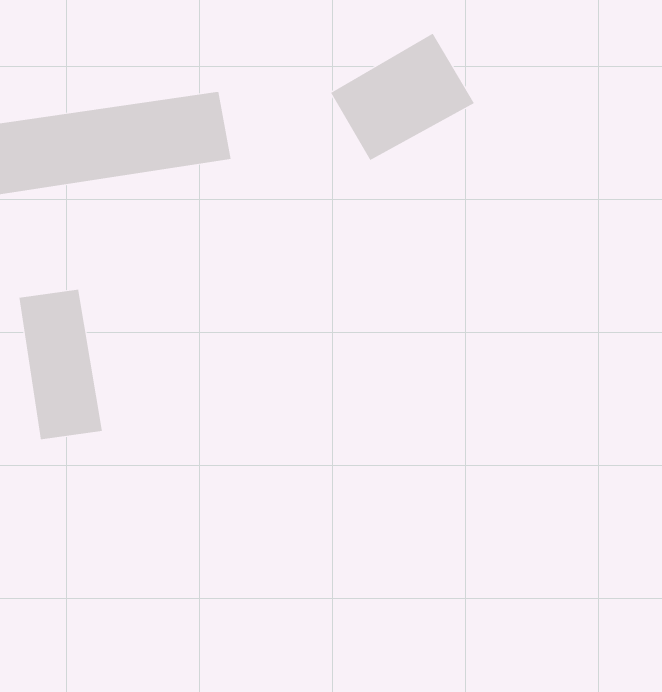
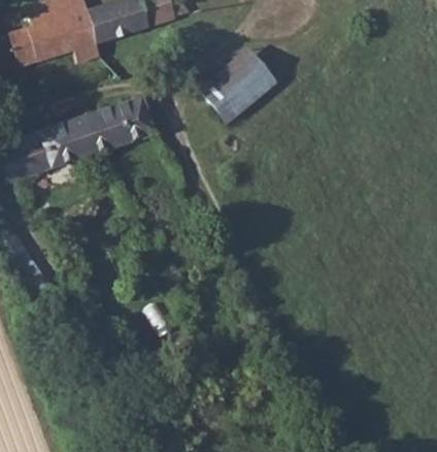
building: [19,289,103,440] -> none

